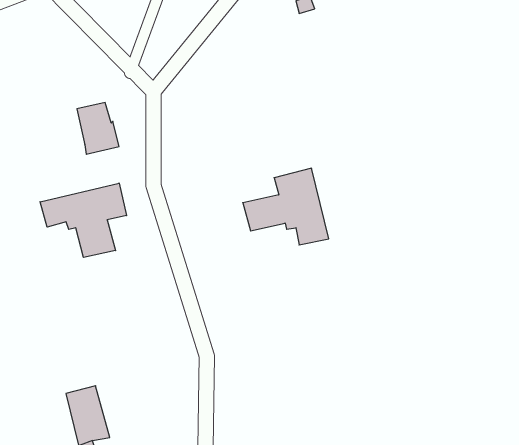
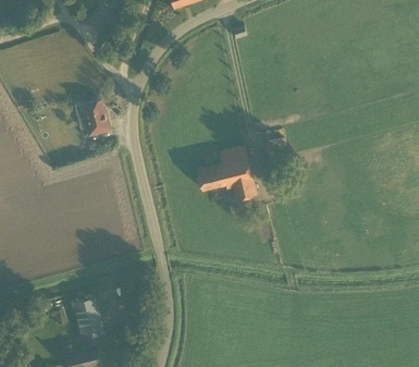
building: [40,183,127,257] -> none

